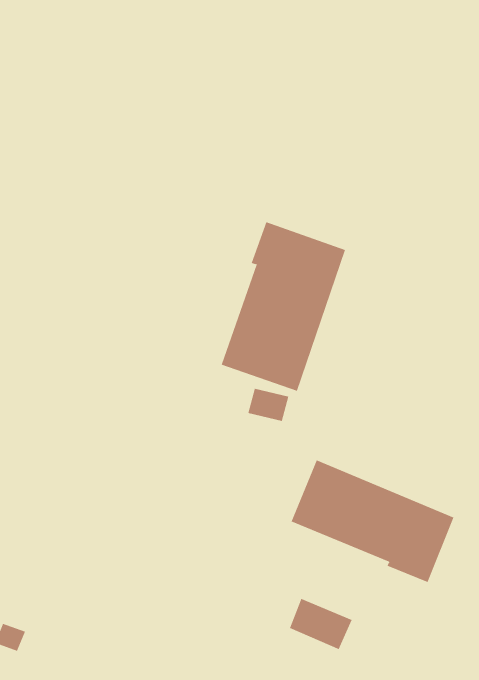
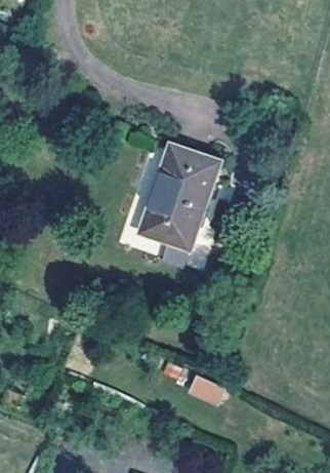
building: [291,459,454,583] -> none

